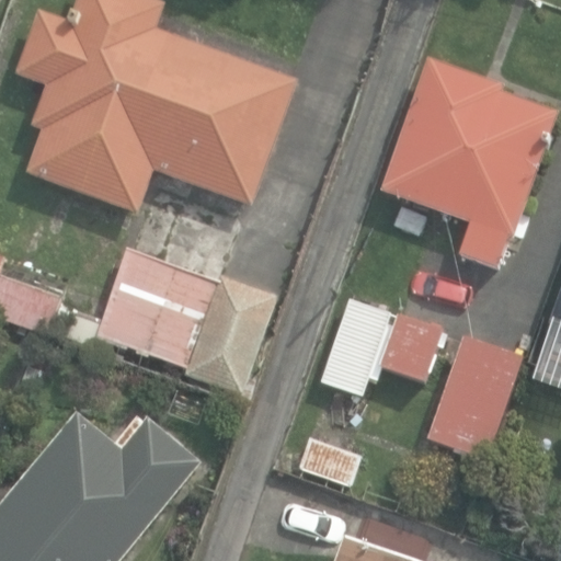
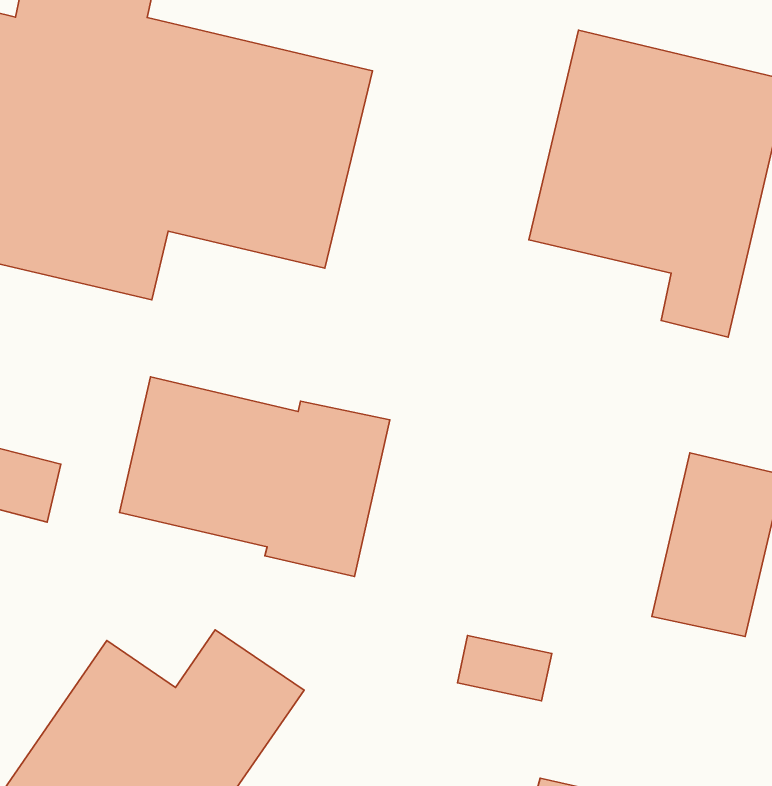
building: [321,300,444,399] -> none

